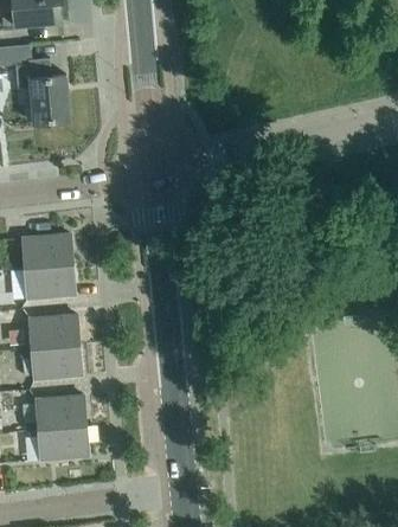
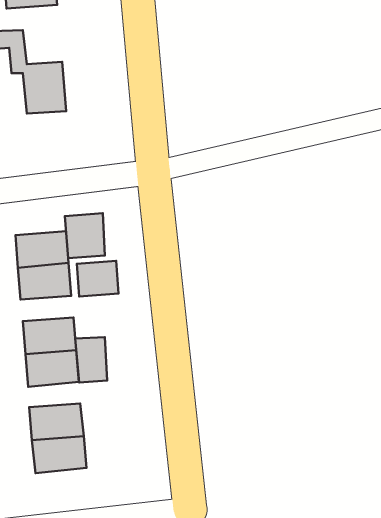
building: none -> [65,213,105,258]
building: none -> [77,261,119,297]
building: none -> [75,337,107,383]

